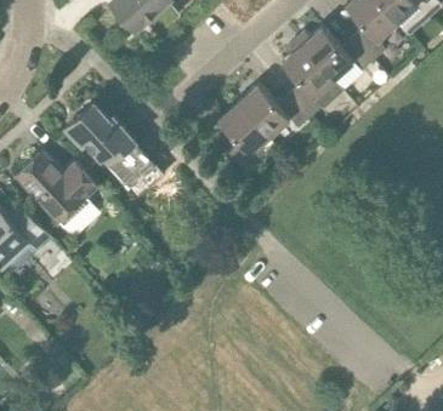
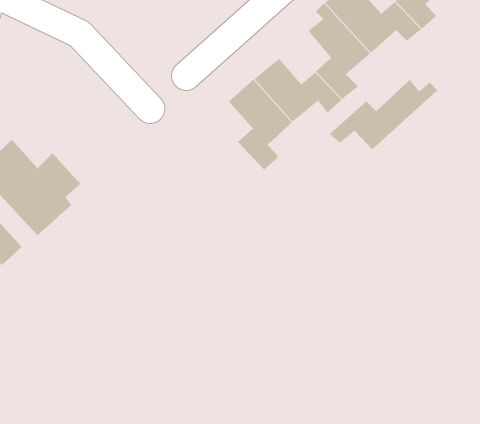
building: none -> [329,79,438,150]
building: [64,103,167,207] -> none

